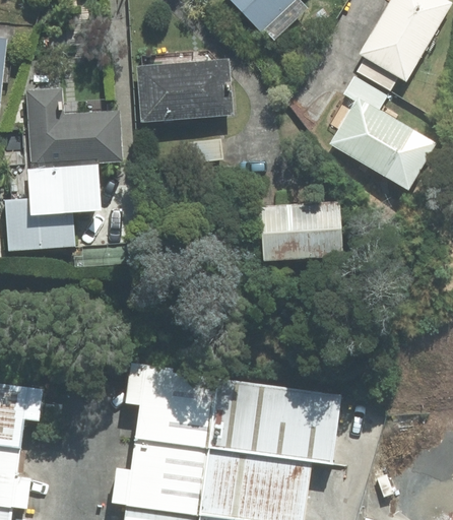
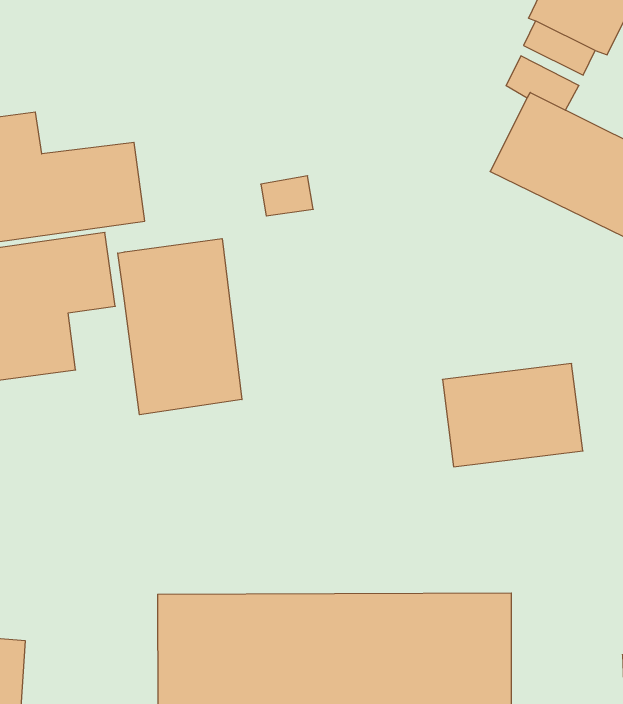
building: [137,50,233,122] -> none
building: none -> [118,239,242,415]
building: [261,203,342,260] -> [442,364,583,467]

